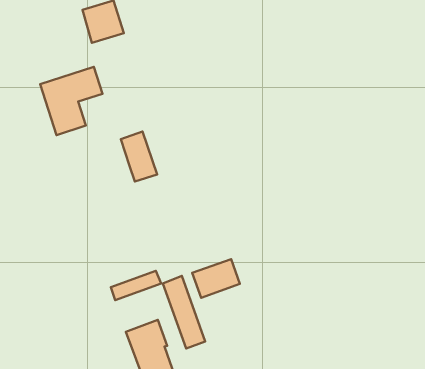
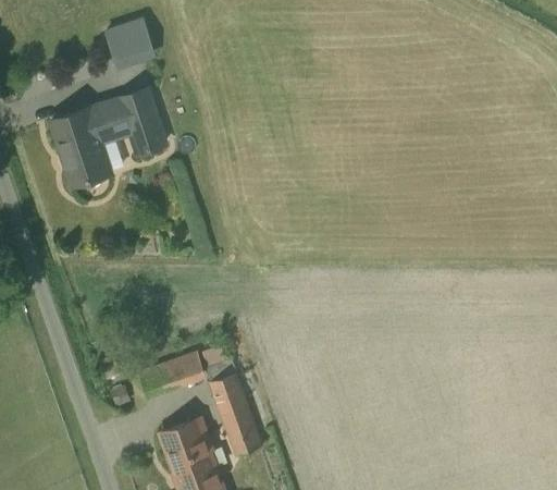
building: [121,131,157,181] -> [119,89,164,152]
building: [192,259,240,298] -> none

